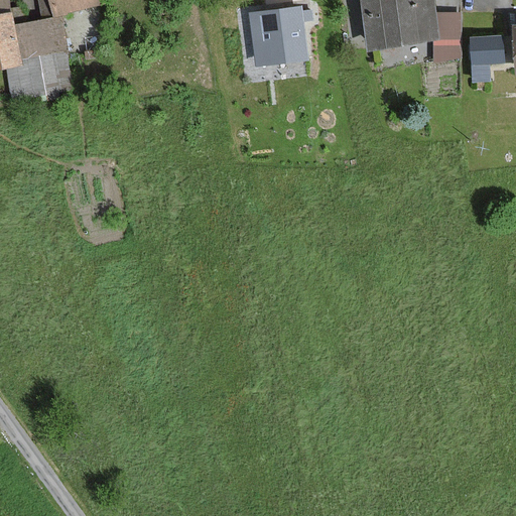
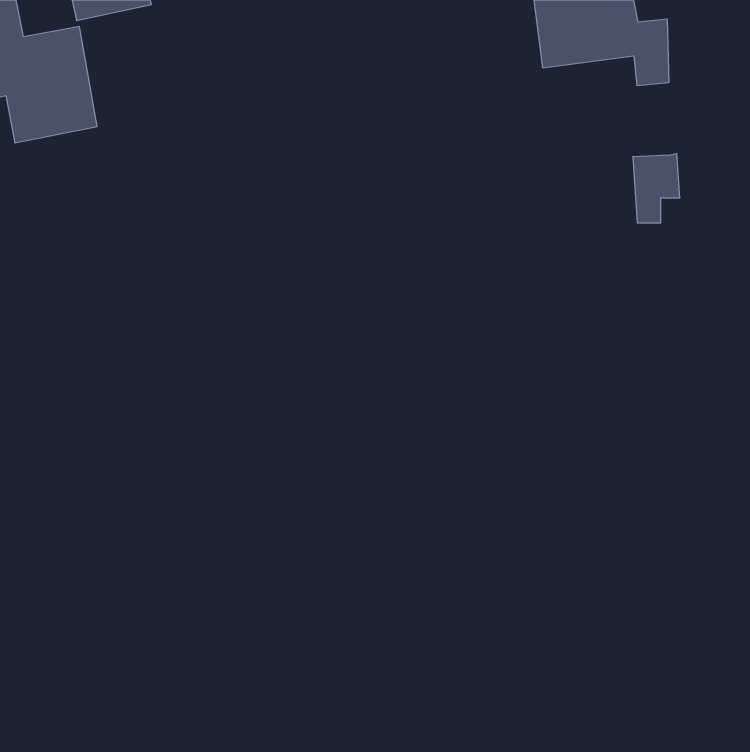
building: [251,8,305,63] -> none
building: [470,35,502,83] -> [633,154,680,223]

